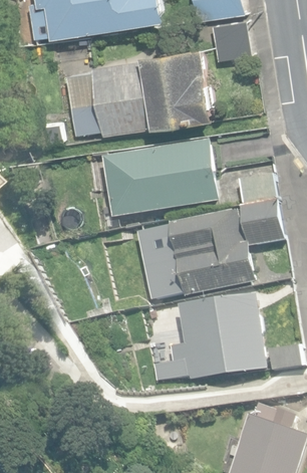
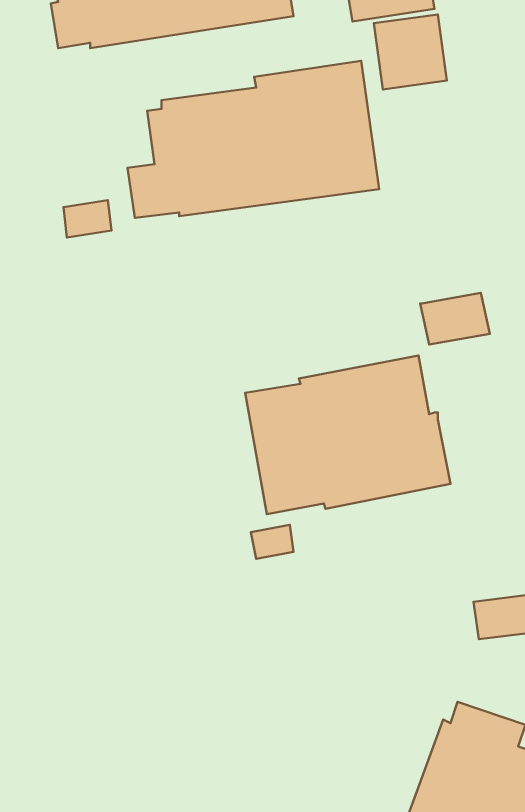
building: [101,139,219,217] -> none
building: [239,200,283,245] -> none
building: [150,293,266,380] -> none

